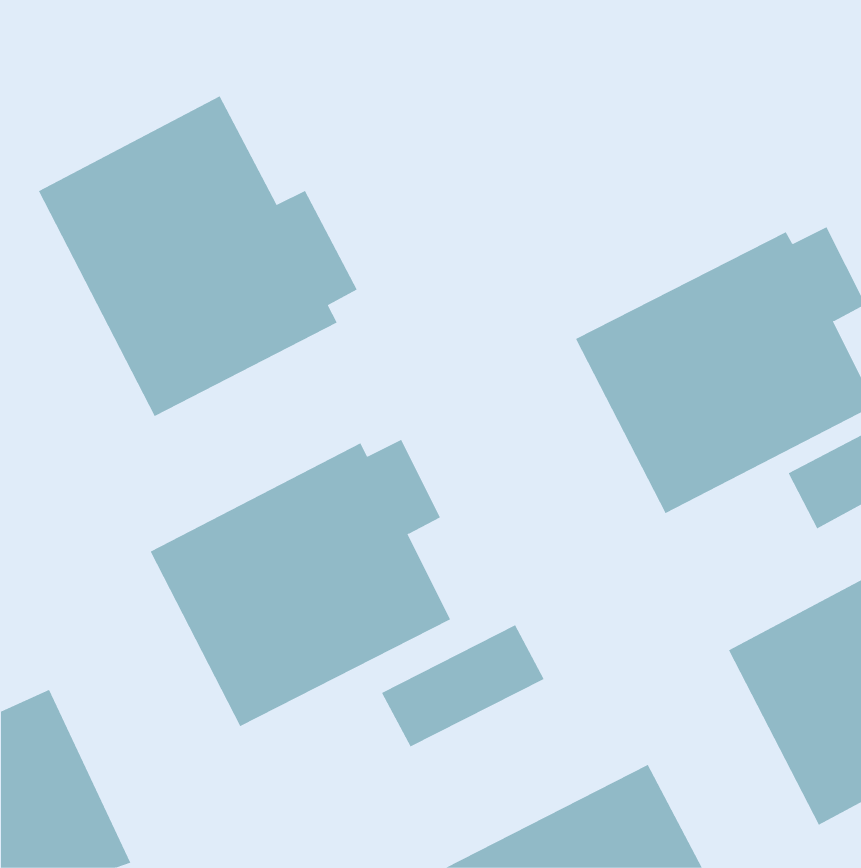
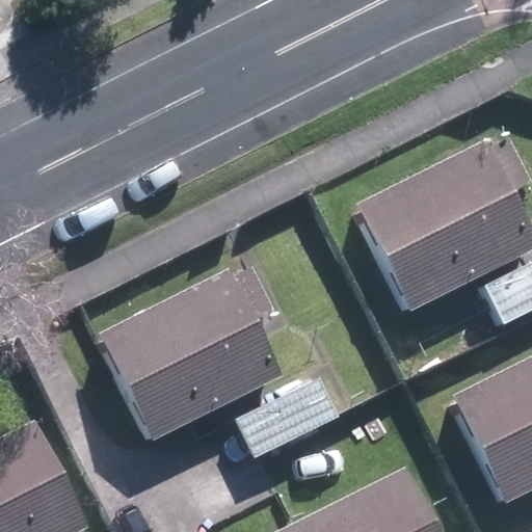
building: [38,96,358,417] -> none

